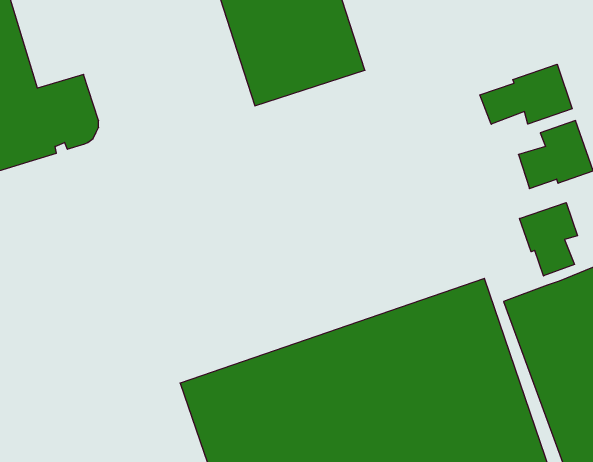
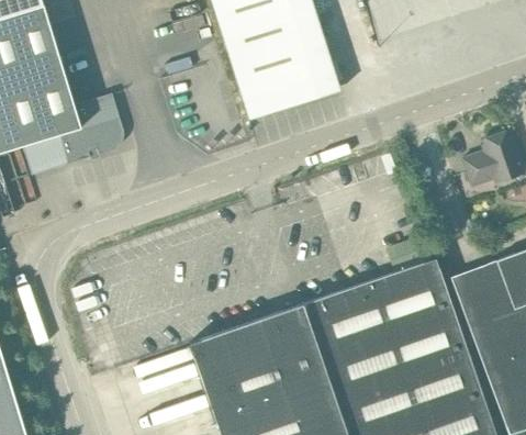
building: [480,64,572,124] -> none
building: [520,203,578,276] -> none

